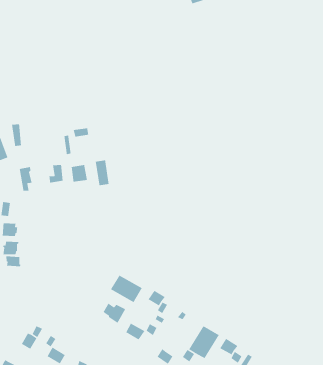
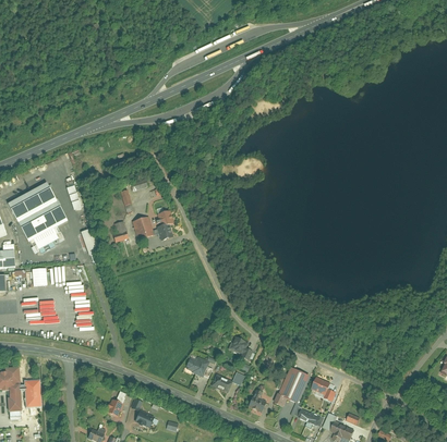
building: [110,274,143,303] -> none

